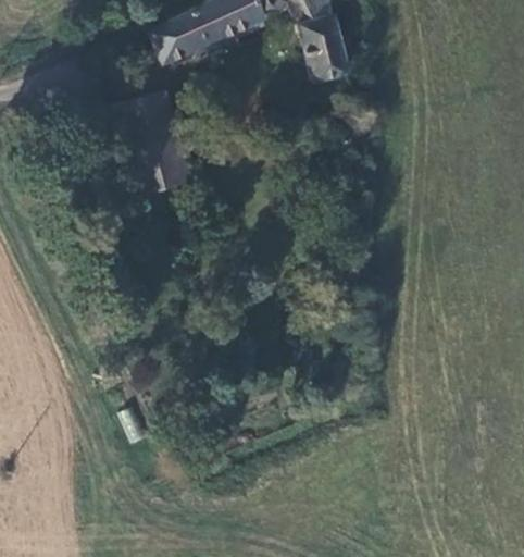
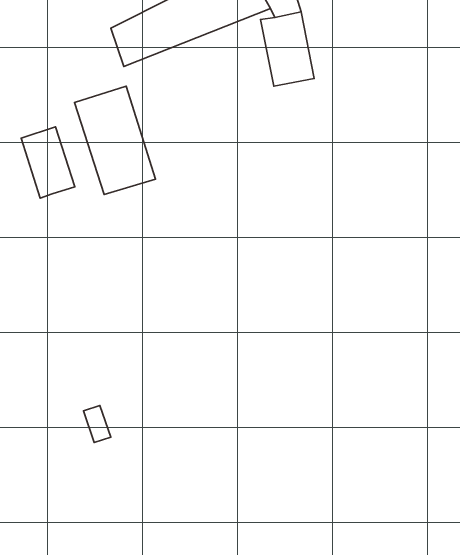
building: none -> [21,127,75,198]

